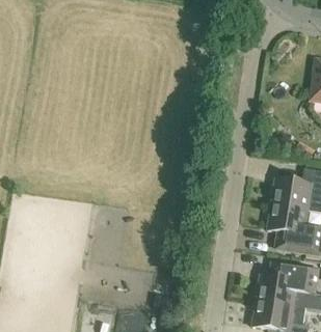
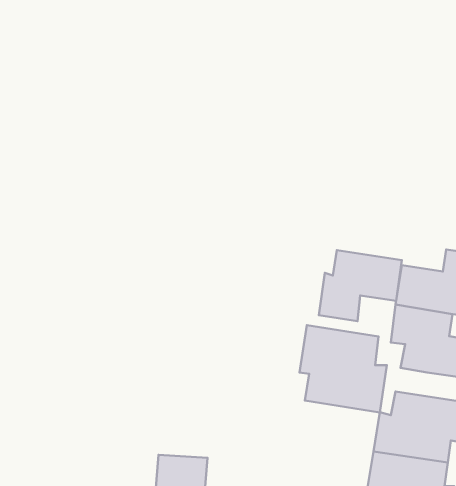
building: none -> [319,250,402,321]
building: none -> [300,325,387,413]

